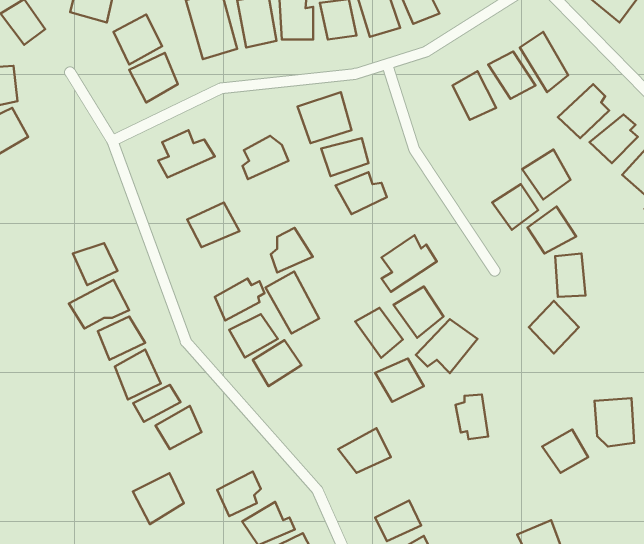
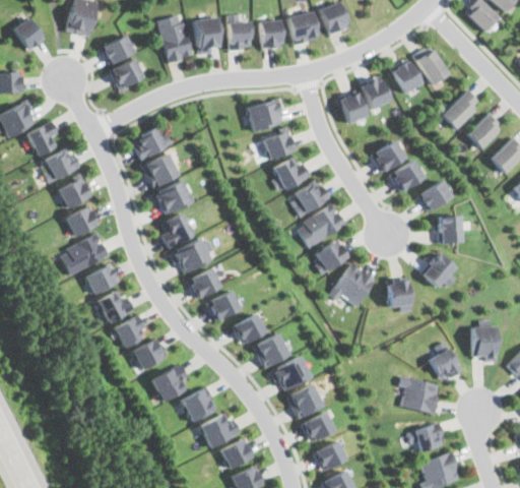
building: none -> [334,87,371,130]
building: none -> [26,124,61,157]
building: [243,136,289,179] -> [147,154,183,187]
building: [522,150,571,199] -> [368,138,405,177]
building: none -> [45,150,80,184]
building: none -> [61,180,94,215]
building: none -> [291,180,333,212]
building: [271,228,313,272] -> [162,212,195,247]
building: [265,271,319,334] -> none
building: [355,308,403,358] -> none
building: [375,359,424,402] -> [255,330,292,364]
building: none -> [232,306,270,341]
building: [455,394,488,439] -> [390,276,415,310]
building: none -> [288,380,326,418]
building: none -> [401,382,440,422]
building: [133,473,184,524] -> [149,363,189,403]

